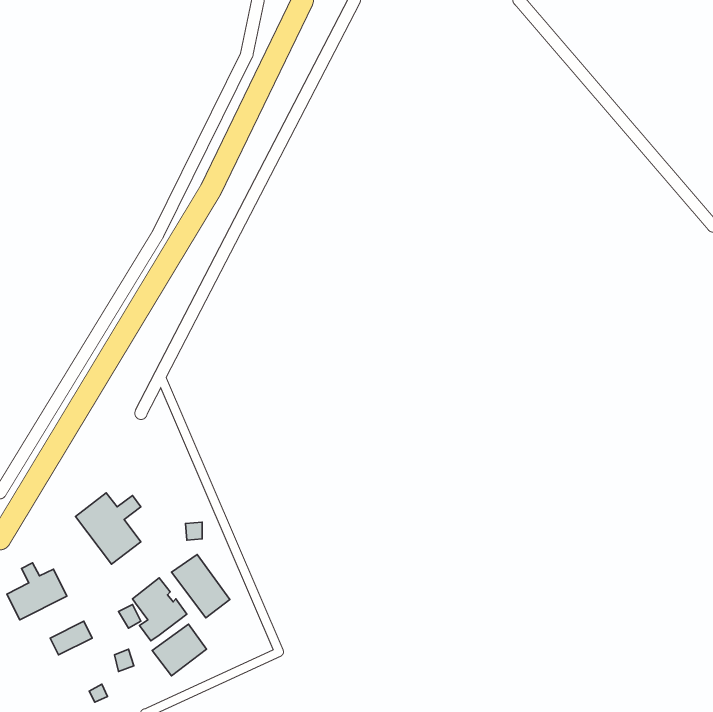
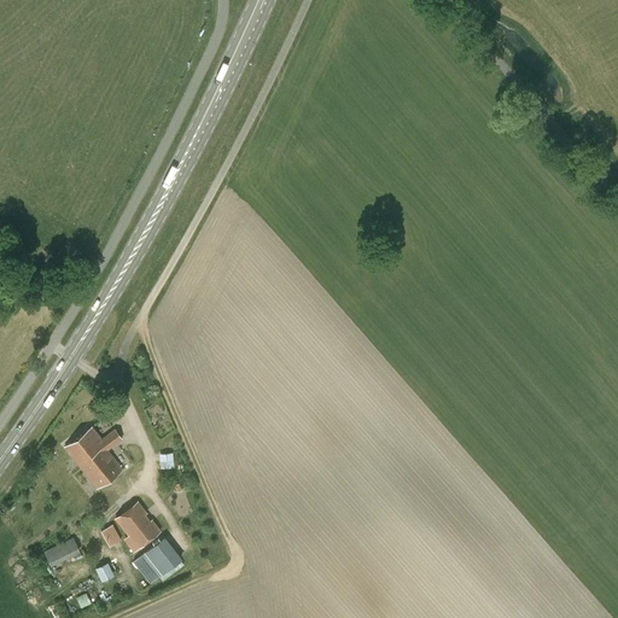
building: [172,555,230,618] -> none
building: [7,563,67,620] -> none

